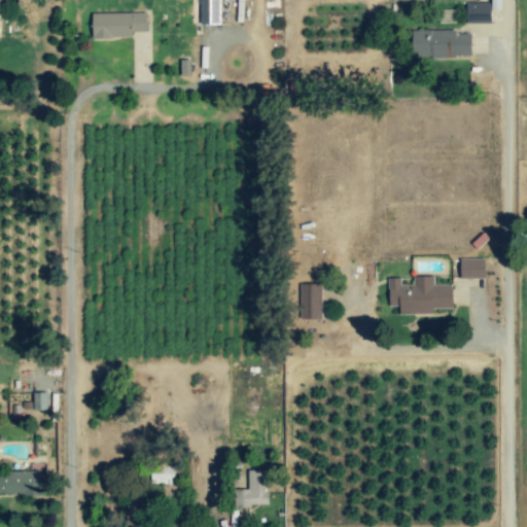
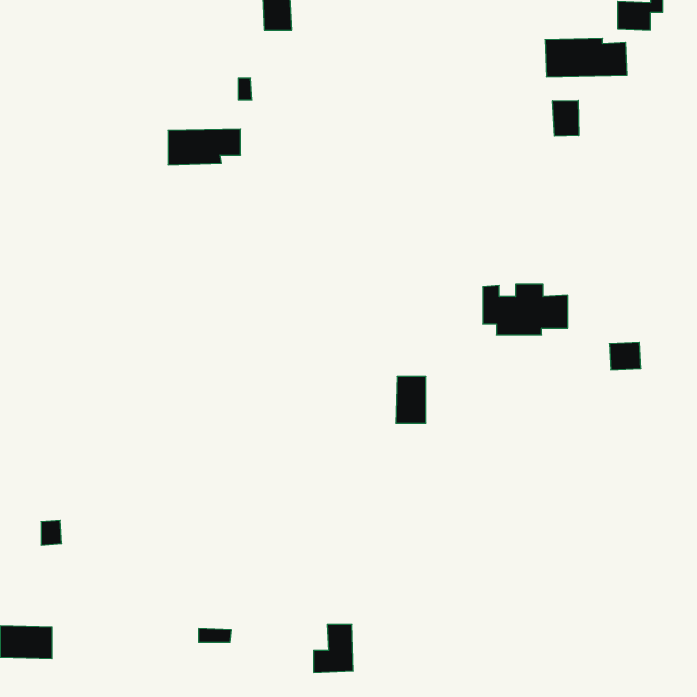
building: [93,11,147,38] -> [168,129,241,165]
building: none -> [553,100,579,136]
building: [389,275,453,313] -> [483,284,568,335]

